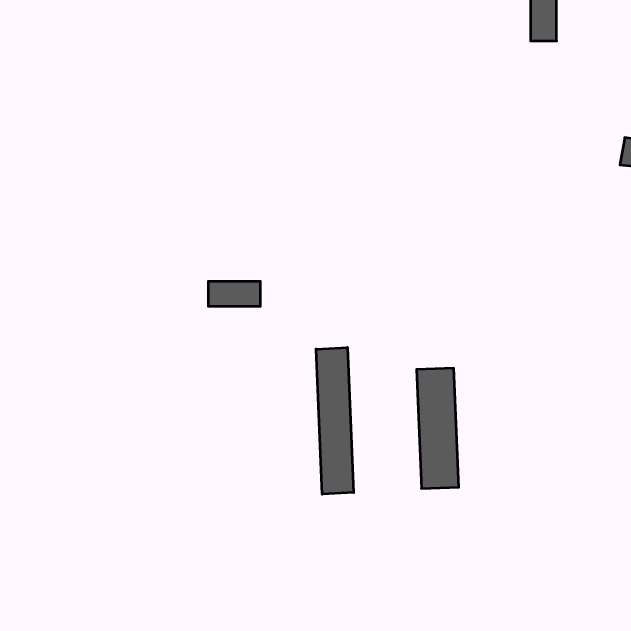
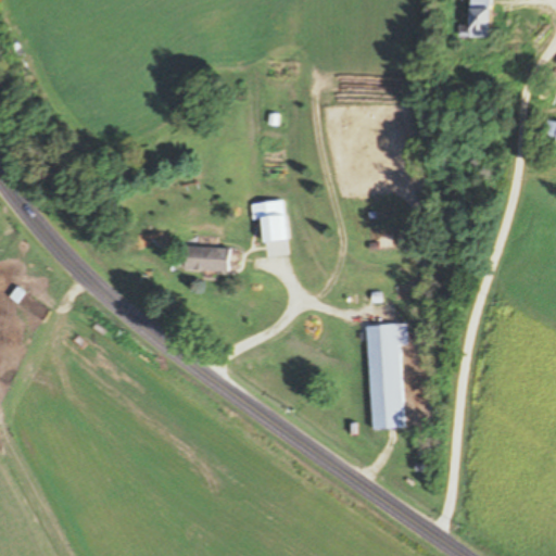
building: none -> [252,199,287,240]
building: [316,347,354,494] -> none

